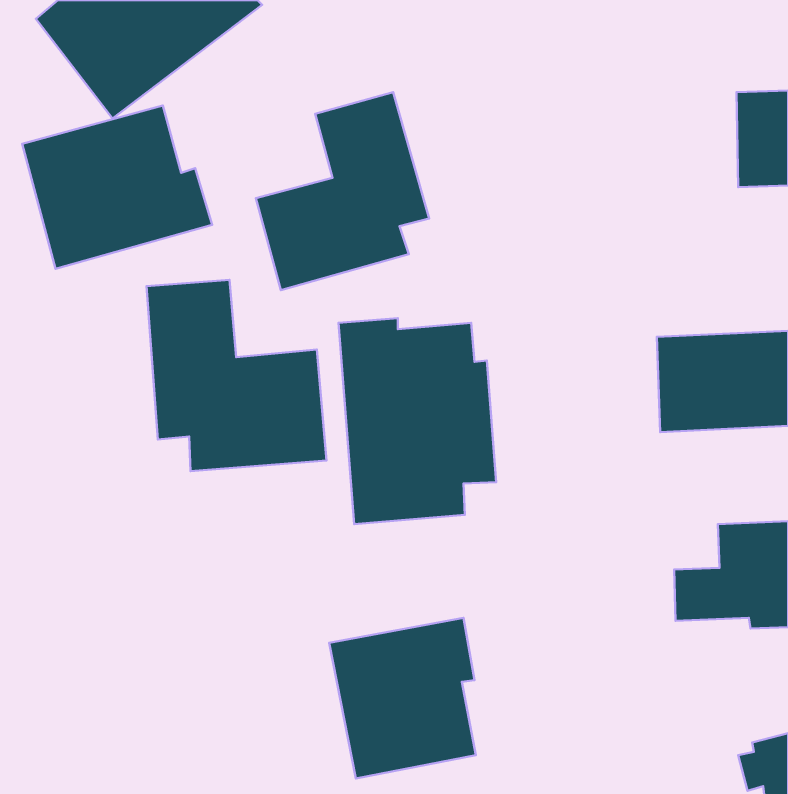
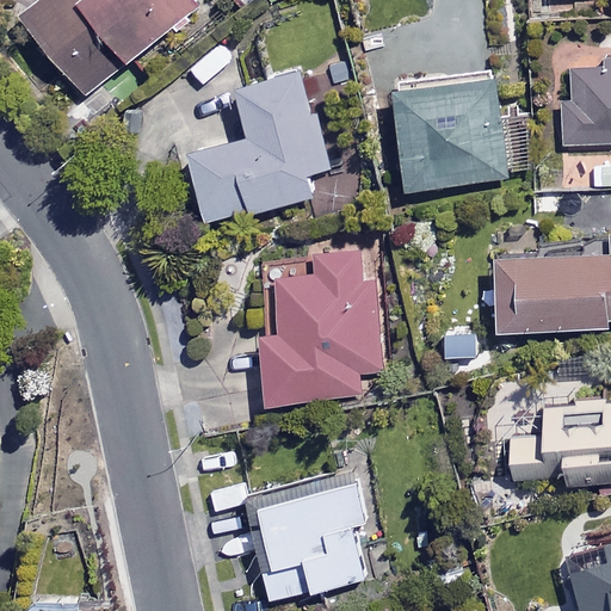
building: none -> [390,67,500,178]
building: [22,105,212,269] -> none
building: [147,280,326,471] -> none

